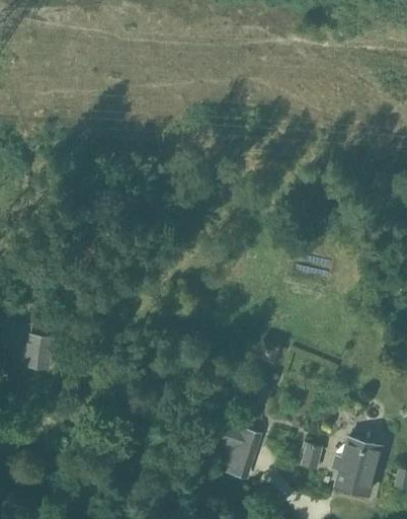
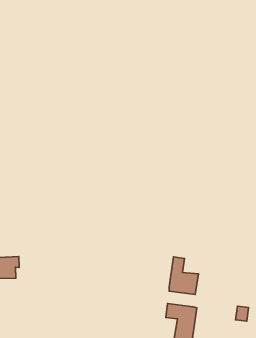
building: none -> [169,257,198,295]

